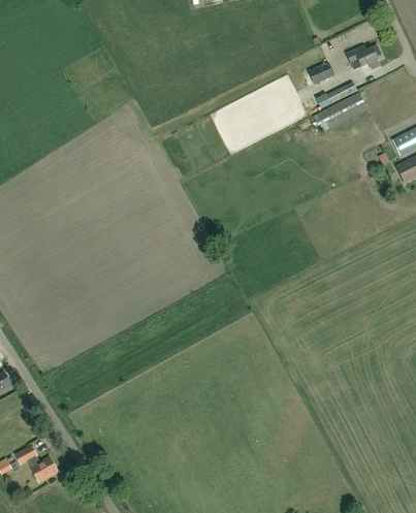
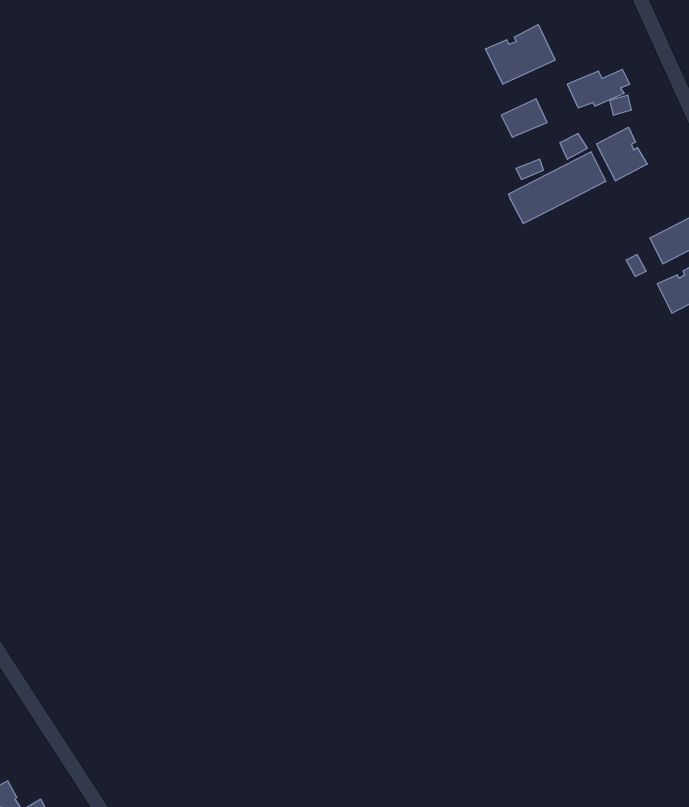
building: none -> [486,25,555,84]
building: none -> [597,127,647,181]

